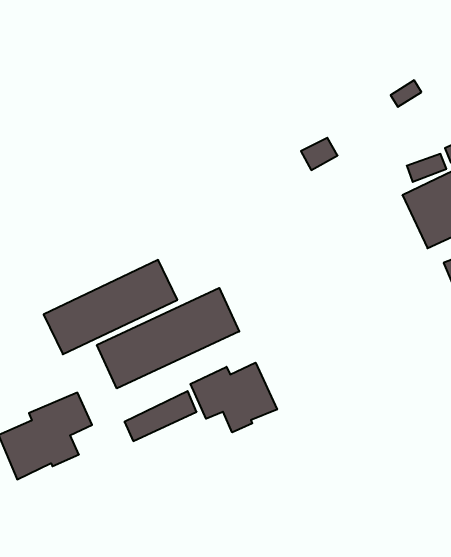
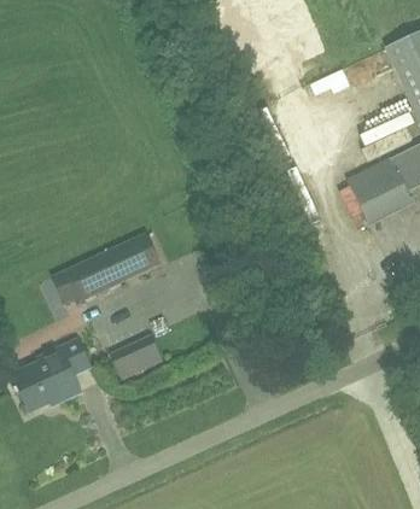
building: [97,288,239,388] -> none
building: [190,363,277,432] -> none

